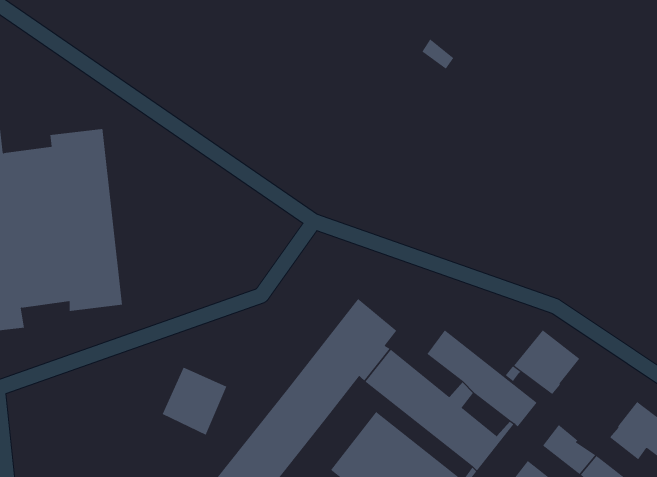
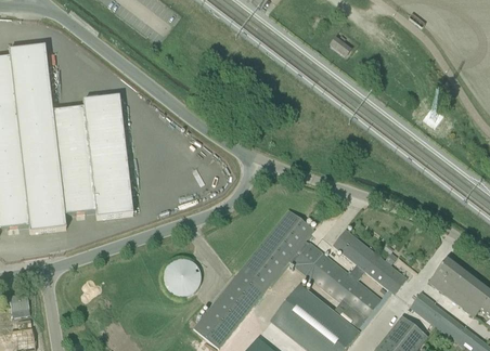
building: [513,330,580,395] -> [428,257,473,300]

